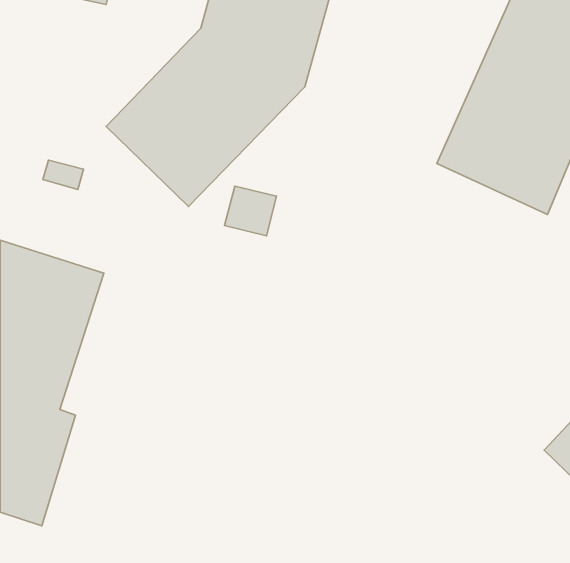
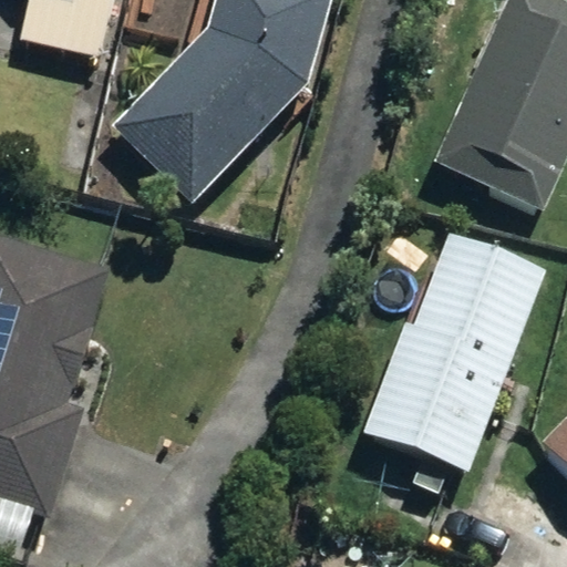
building: none -> [370,234,545,472]

